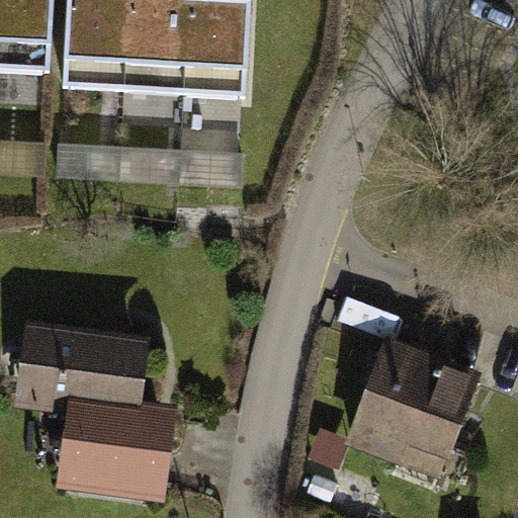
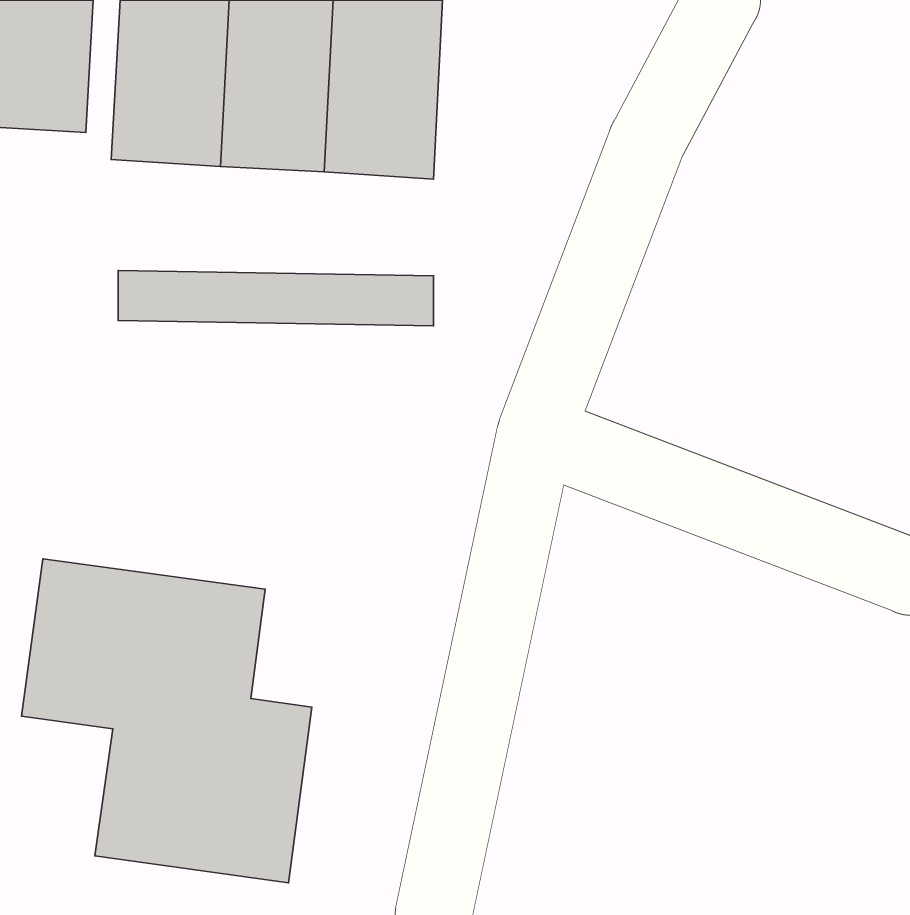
building: [343,331,482,476] -> none

